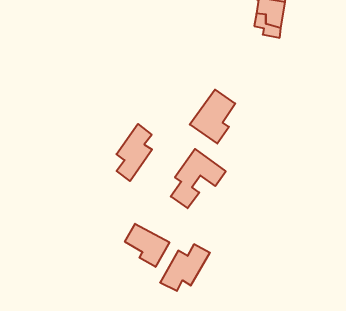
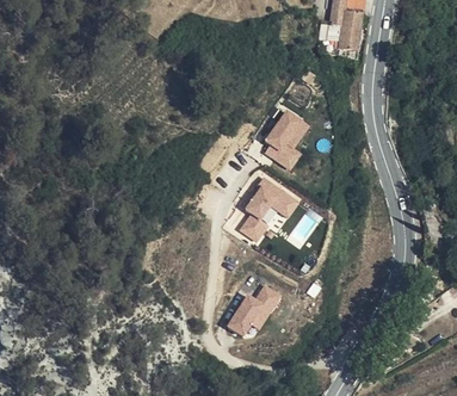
building: [116,124,152,181] -> none
building: [125,224,169,267] -> none

